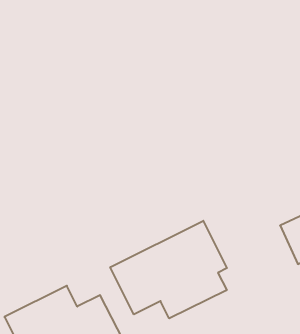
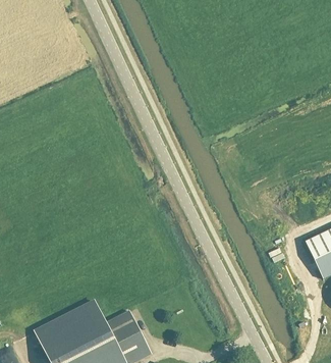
building: [110,221,227,318] -> none

